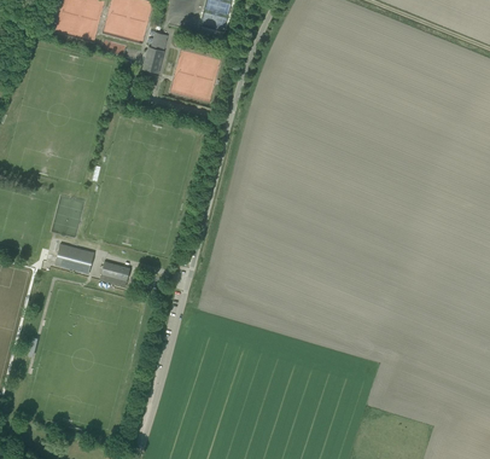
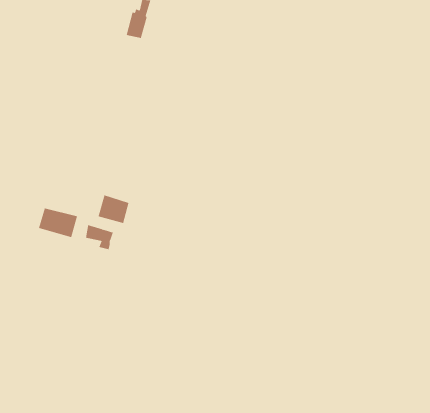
building: none -> [98,194,129,224]

